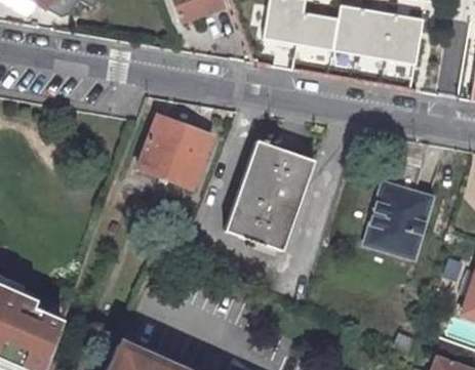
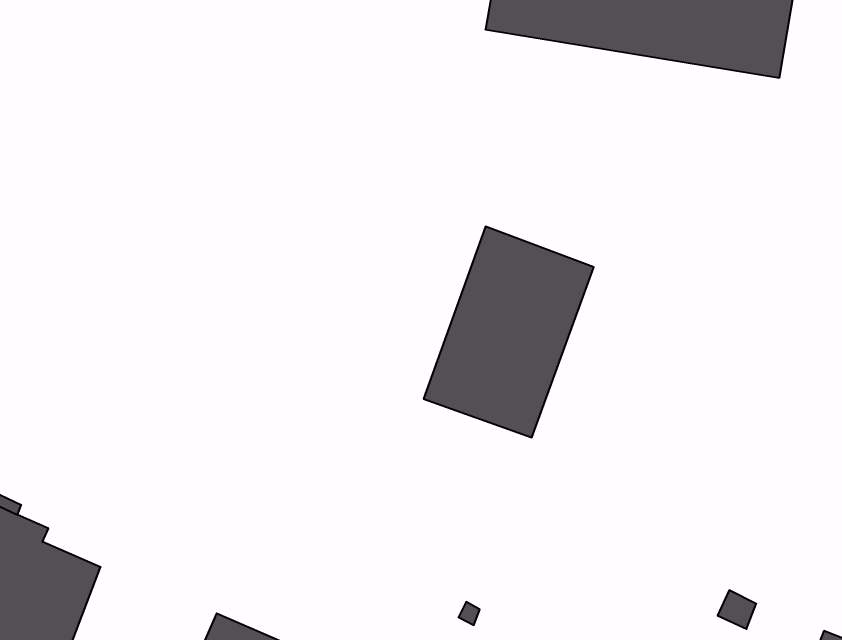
building: [134,117,206,189] -> none
building: [367,181,437,261] -> none

